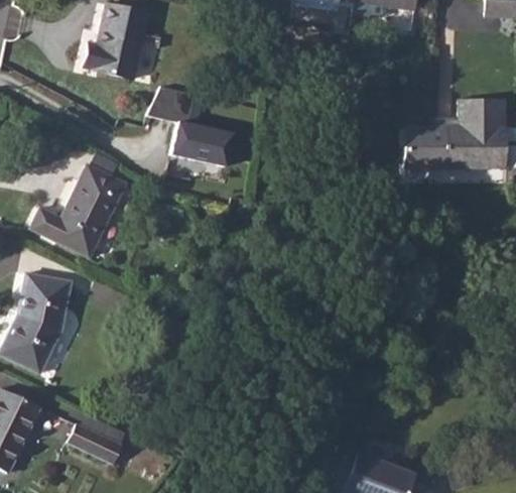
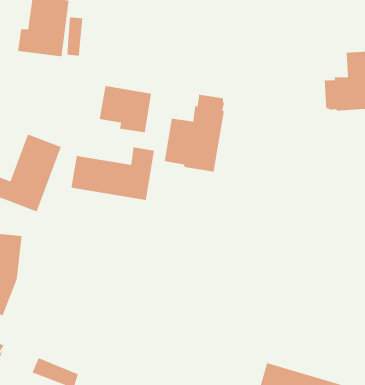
building: [154,84,186,119] -> none
building: [404,131,433,167] -> none
building: none -> [164,94,225,172]
building: none -> [71,147,155,201]

